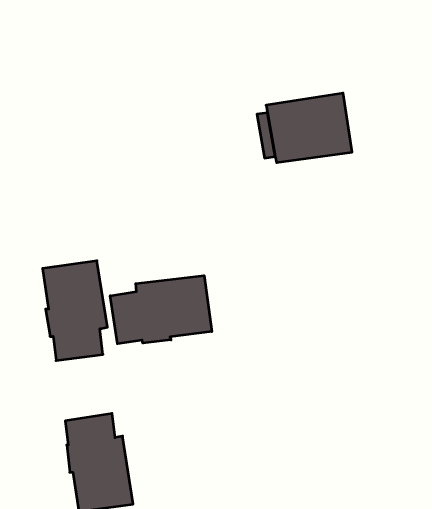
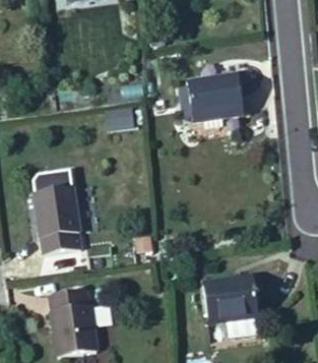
building: [110,276,212,344] -> none
building: none -> [202,277,258,337]

